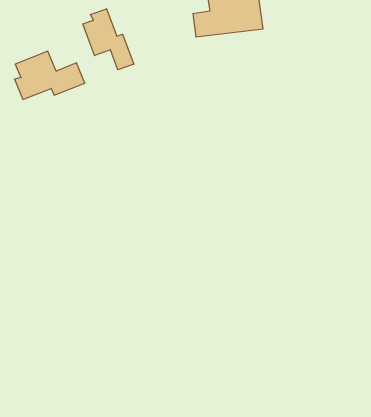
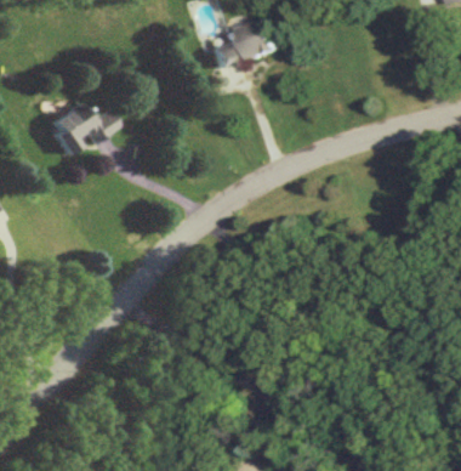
building: [83,9,134,70] -> none

